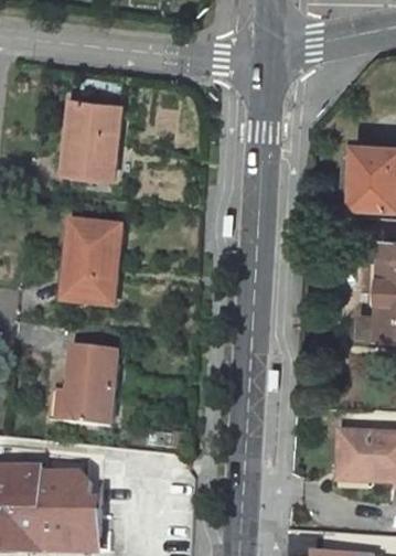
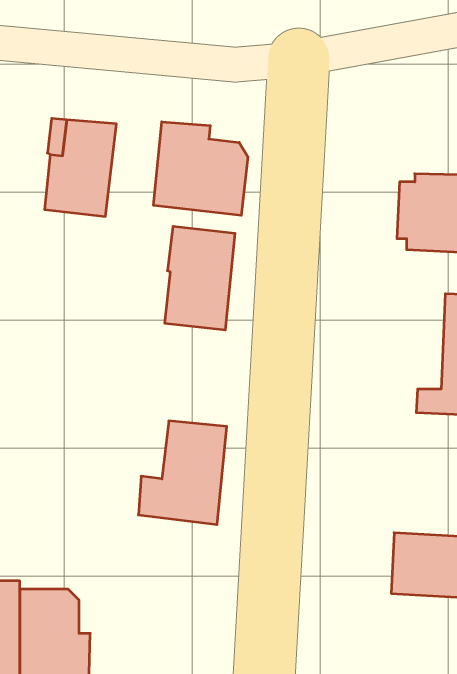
building: none -> [154,122,248,215]
building: [63,223,119,306] -> [165,226,235,330]
building: [47,345,118,428] -> [138,421,227,525]

